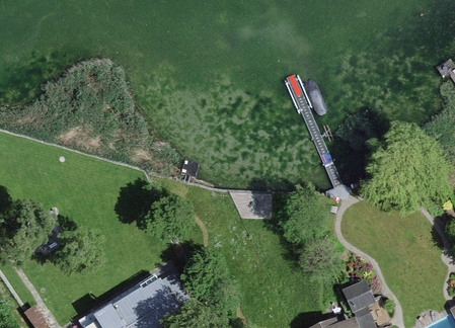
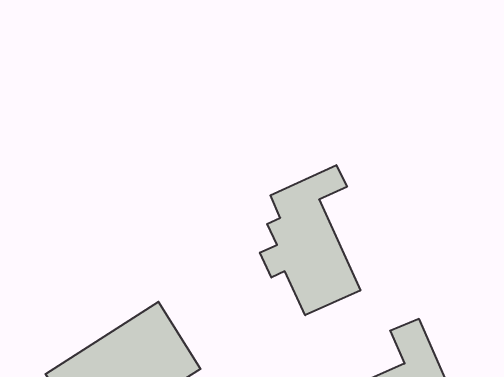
building: none -> [260,165,360,315]

